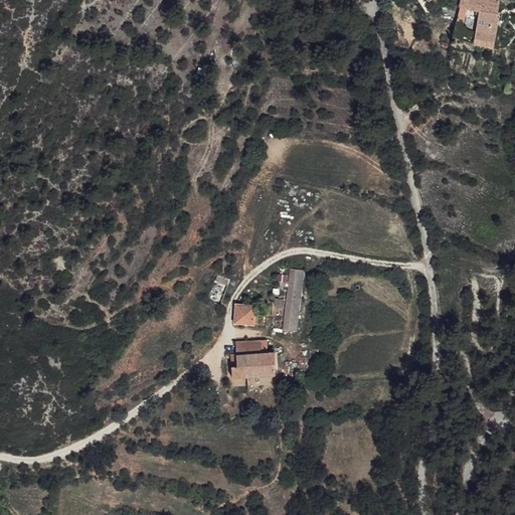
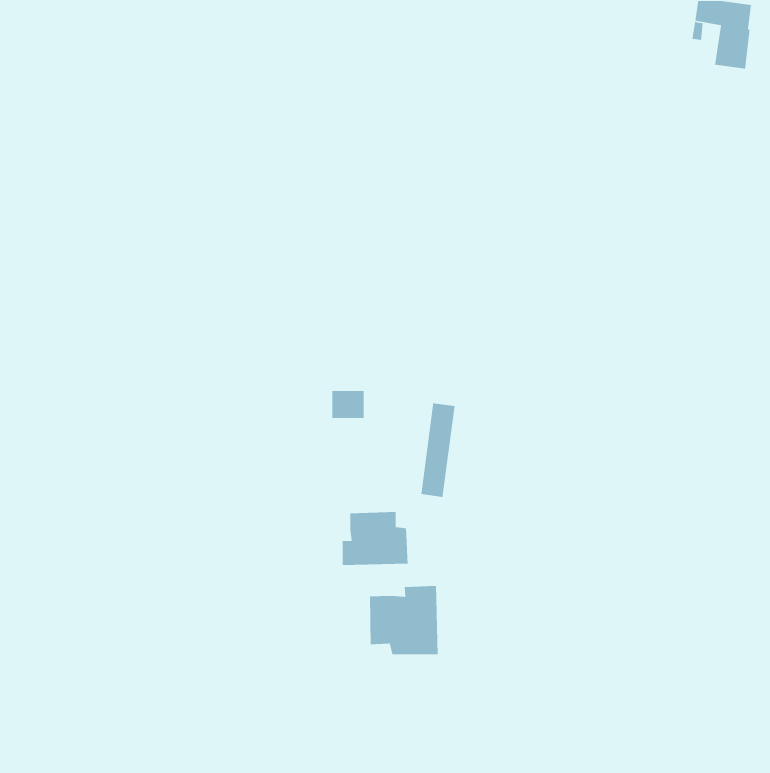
building: [232,306,254,325] -> [331,390,365,419]
building: none -> [369,585,439,655]

